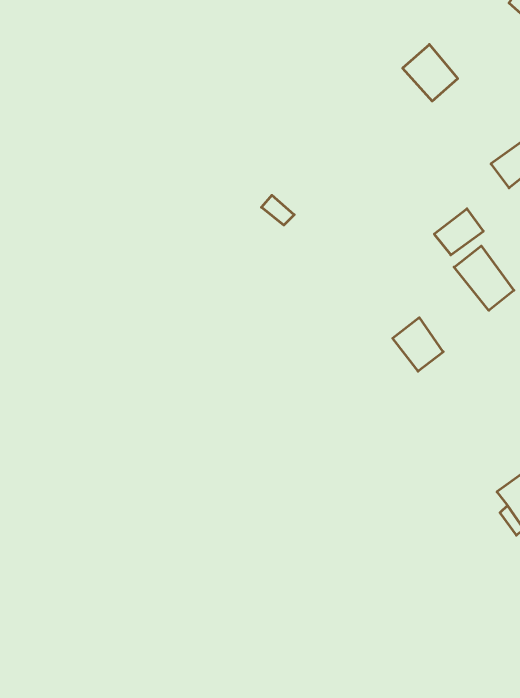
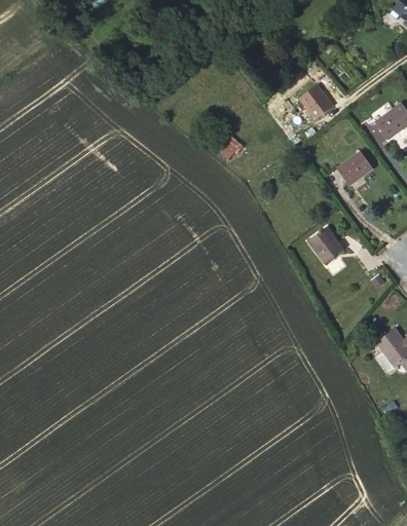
building: [403,44,458,101] -> [296,83,334,122]
building: [454,246,514,310] -> none

